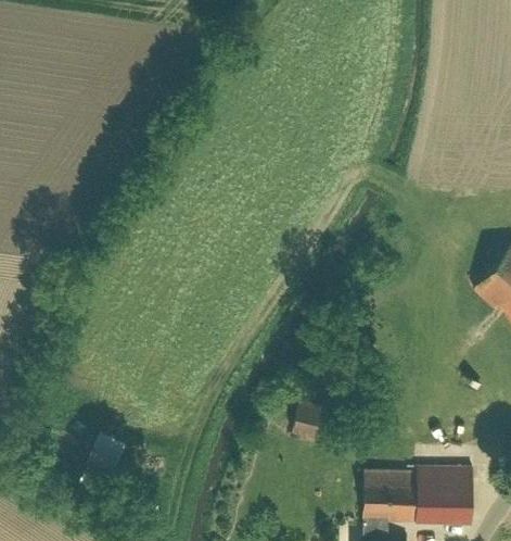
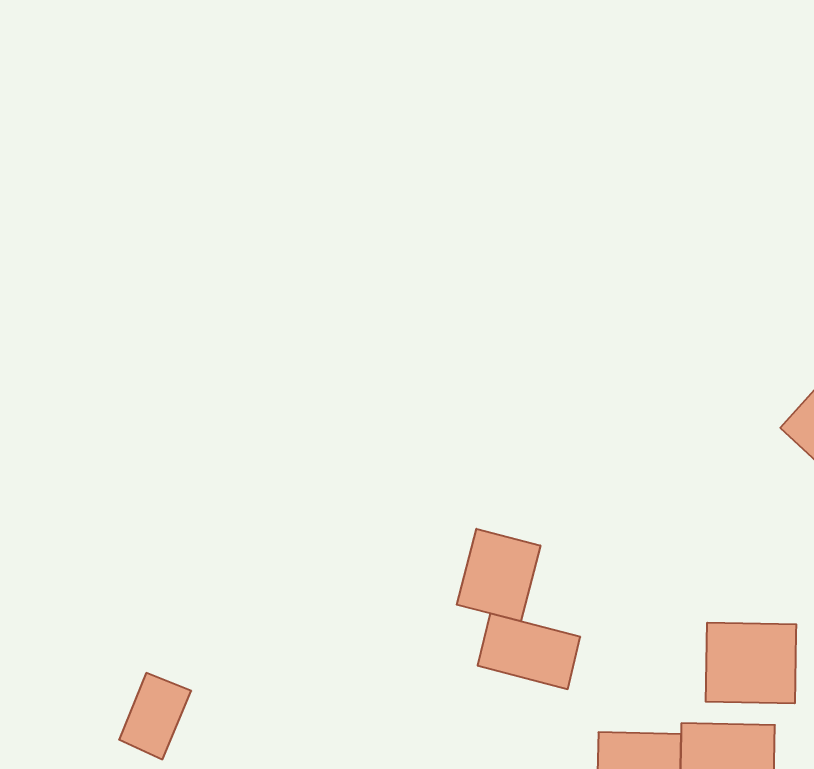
building: none -> [457,529,540,621]
building: none -> [706,623,796,703]

